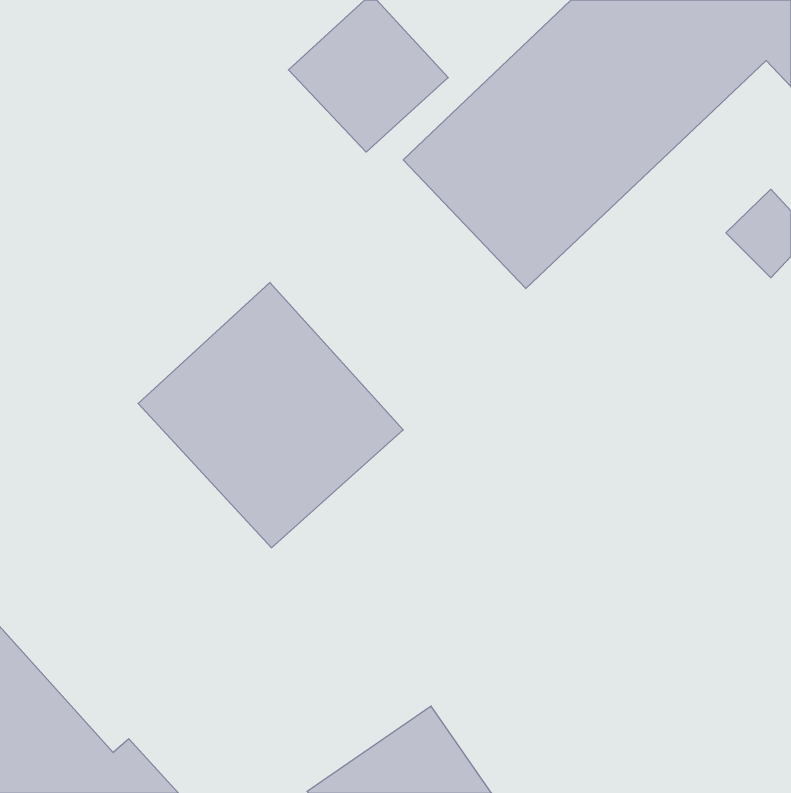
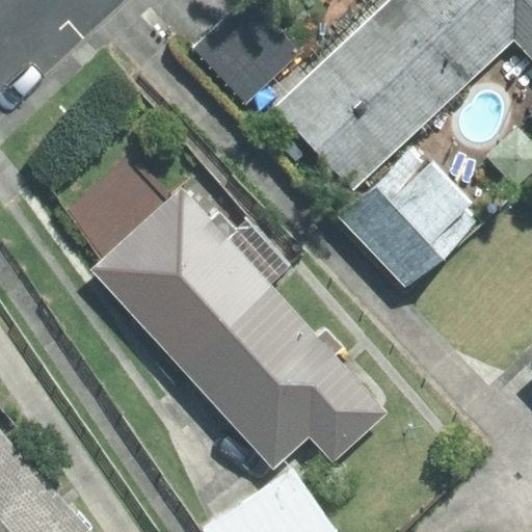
building: none -> [338,144,483,289]
building: none -> [182,288,384,467]

